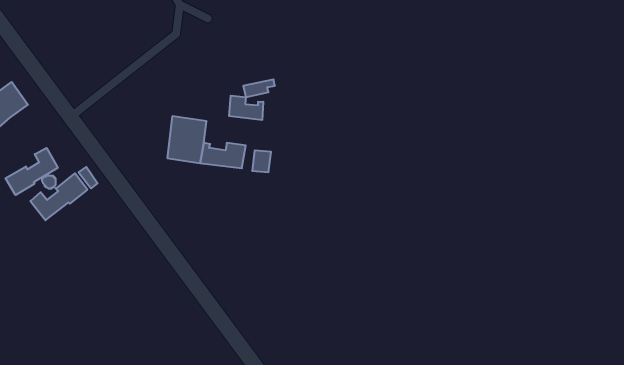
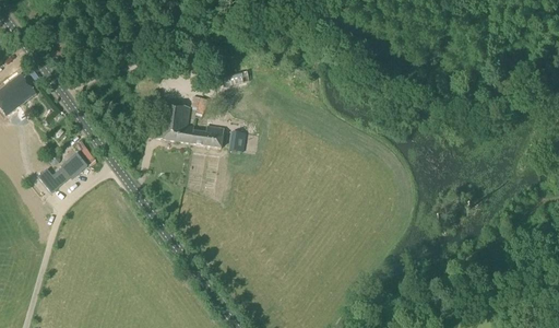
building: [229,96,263,120] -> none
building: [5,148,58,195] -> none

